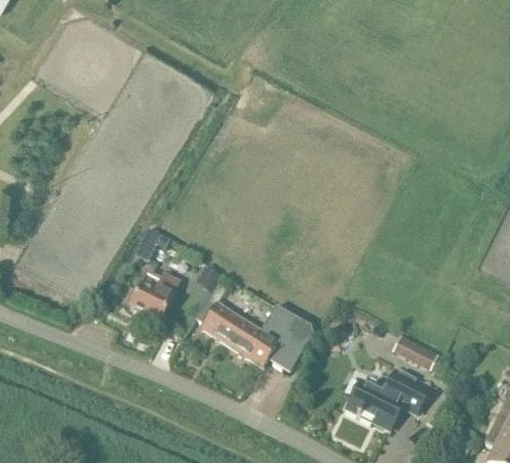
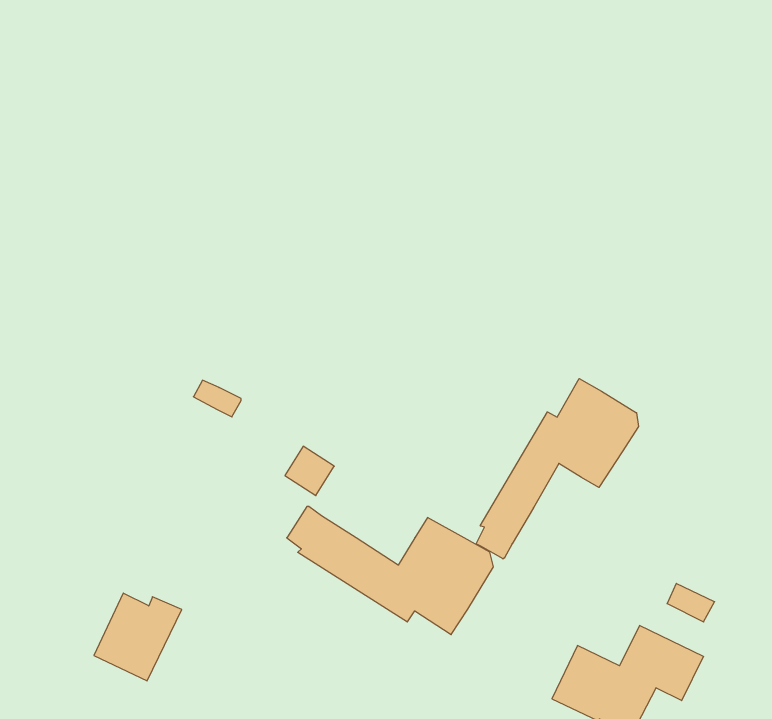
building: none -> [476,379,638,559]
building: [129,271,179,320] -> [94,593,182,681]

